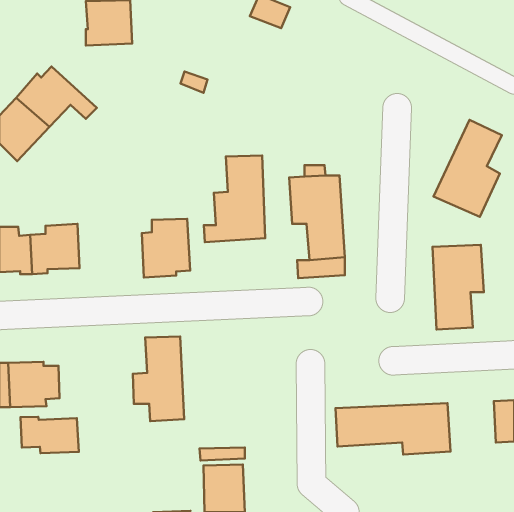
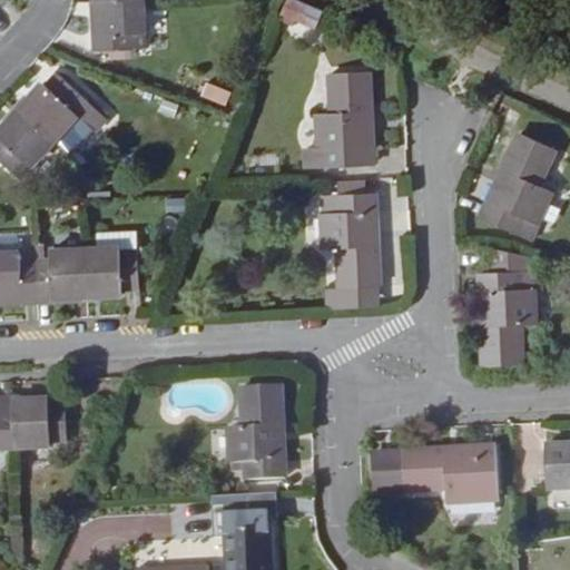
building: [204,155,265,242] -> [305,72,373,168]
building: [142,219,190,277] -> [86,232,139,296]
building: [133,336,184,421] -> [227,385,284,479]
building: [20,417,79,453] -> none

